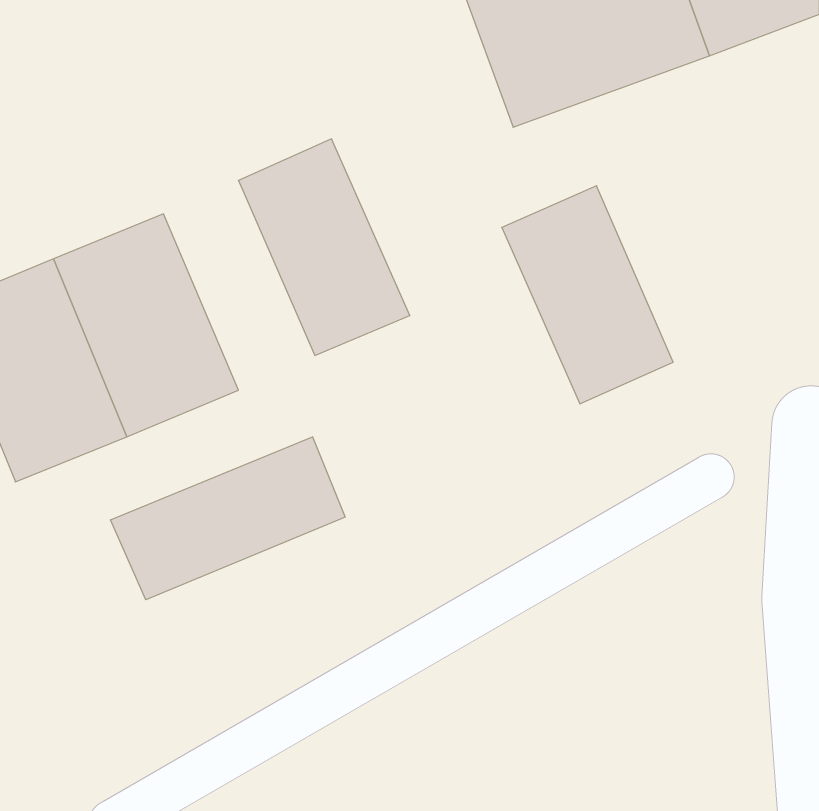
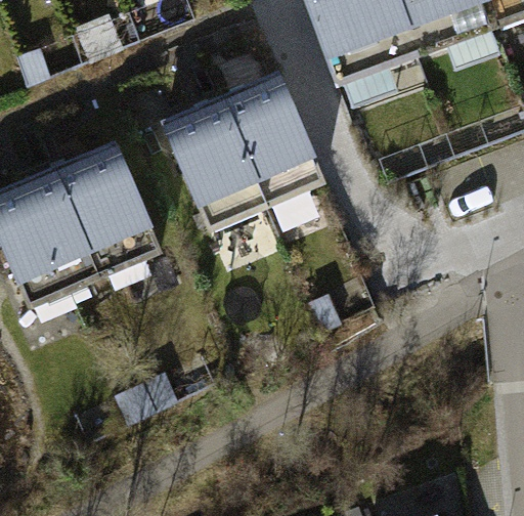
building: [502,186,673,404] -> [215,60,320,195]
building: [111,437,345,600] -> none

